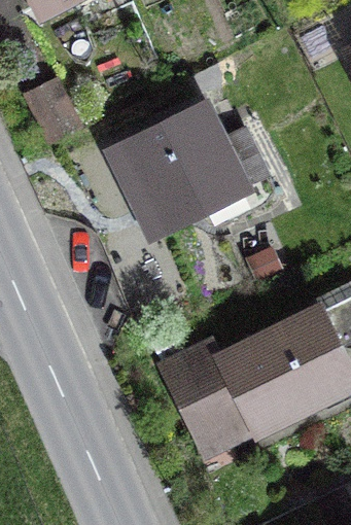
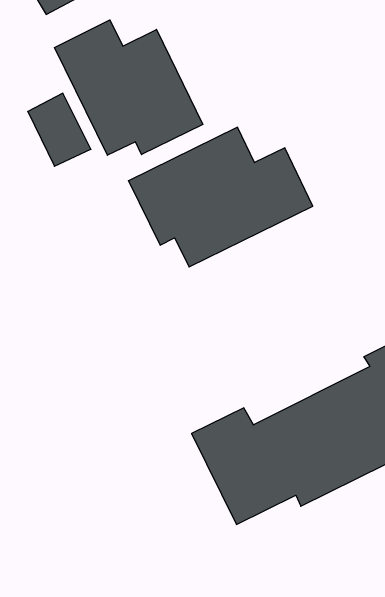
building: none -> [55,20,203,155]

